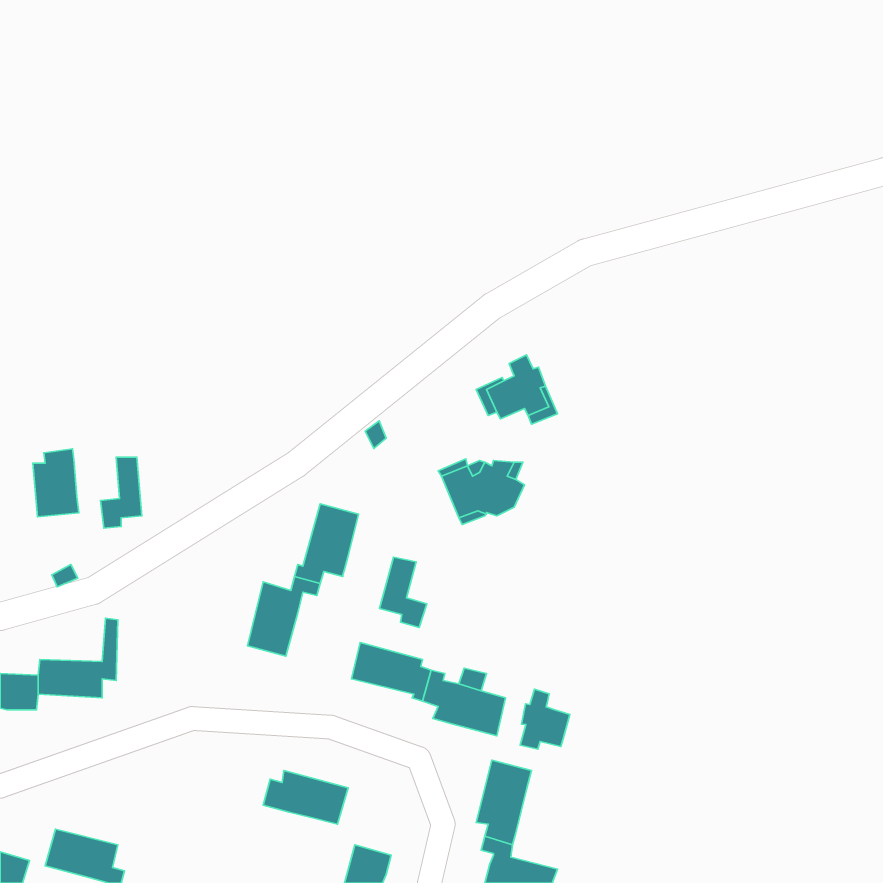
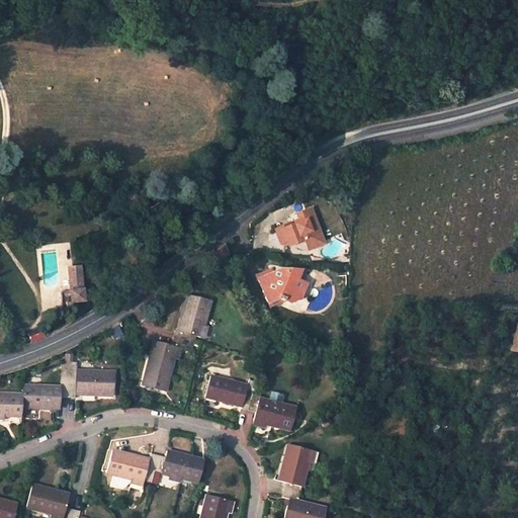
building: [33,449,79,517] -> none
building: [379,557,427,628] -> none
building: none -> [69,362,114,398]
building: [520,689,570,749] -> none
building: none -> [108,449,159,489]

